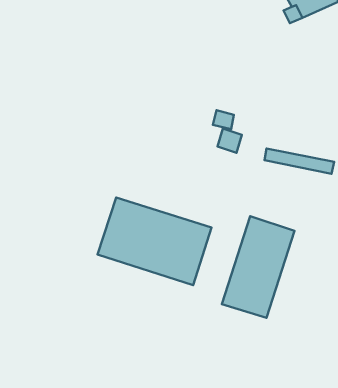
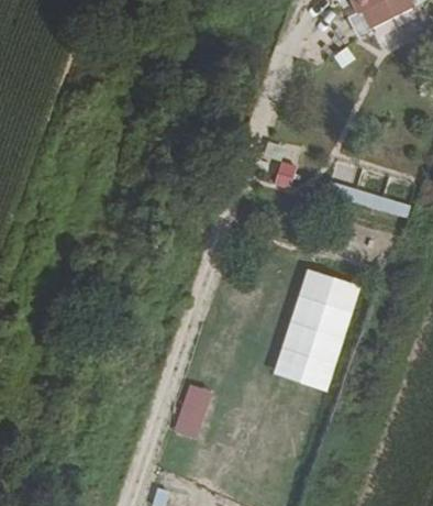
building: [97,198,211,285] -> none
building: none -> [174,383,213,438]

